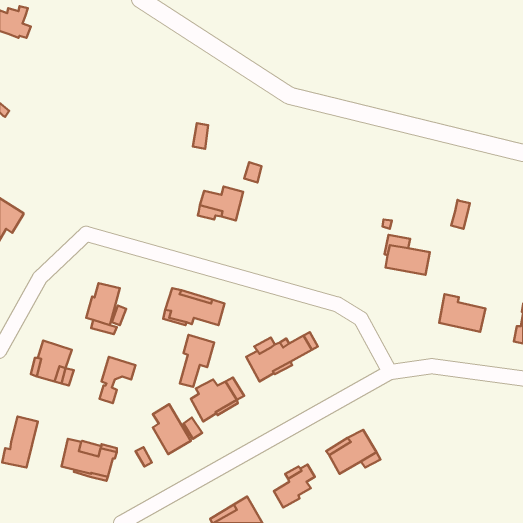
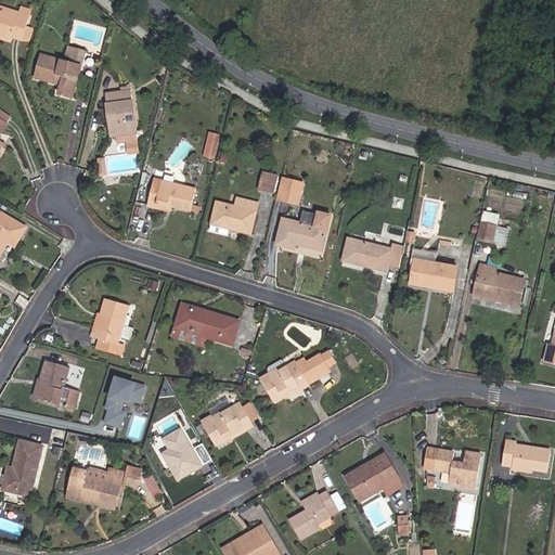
building: none -> [34,47,82,95]
building: none -> [104,89,137,142]
building: none -> [276,177,302,204]
building: none -> [147,180,194,209]
building: none -> [276,211,330,248]
building: none -> [341,237,401,271]
building: [439,294,485,332] -> [474,264,522,305]
building: [180,335,214,387] -> none
building: none -> [501,440,548,472]
building: none -> [423,448,479,488]

